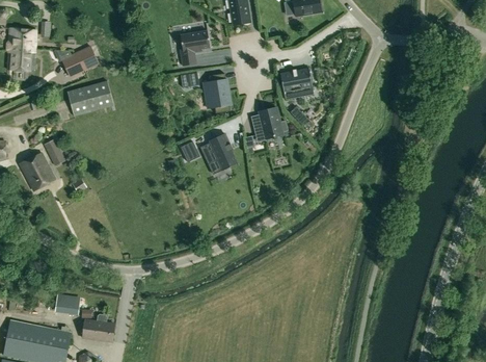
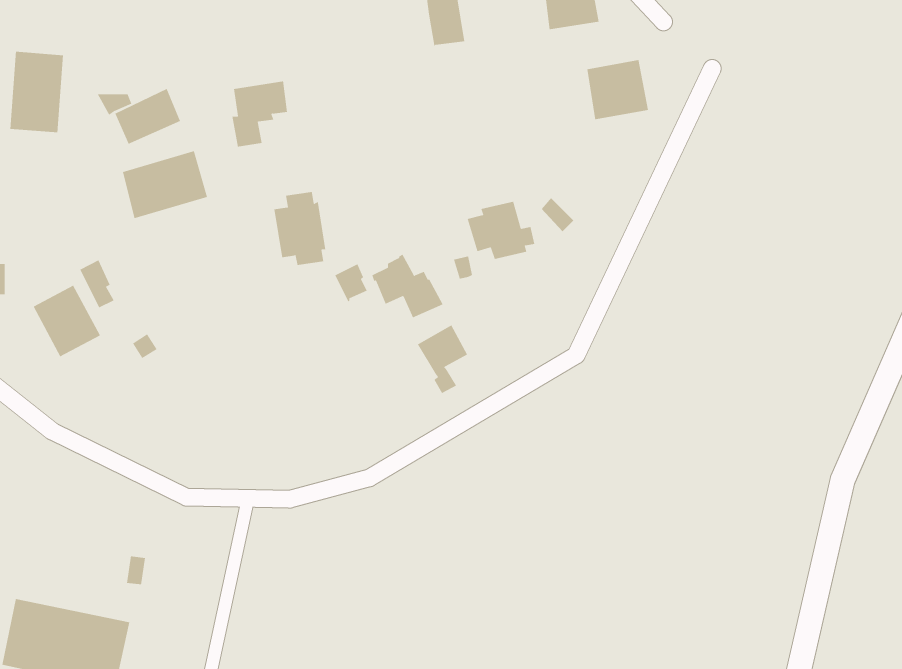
building: [179,31,209,67] -> [231,81,288,147]
building: [279,69,313,101] -> [587,59,649,120]
building: [203,74,231,113] -> [274,192,326,266]
building: none -> [417,324,468,394]
building: [82,319,113,342] -> none

